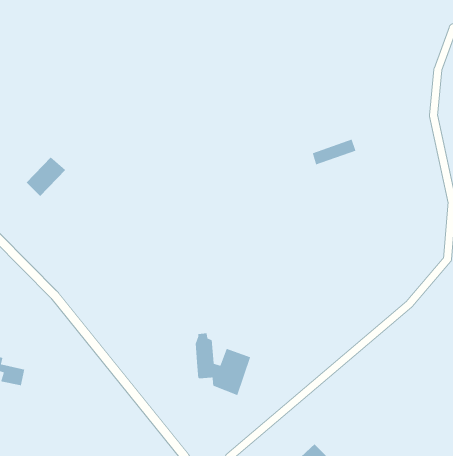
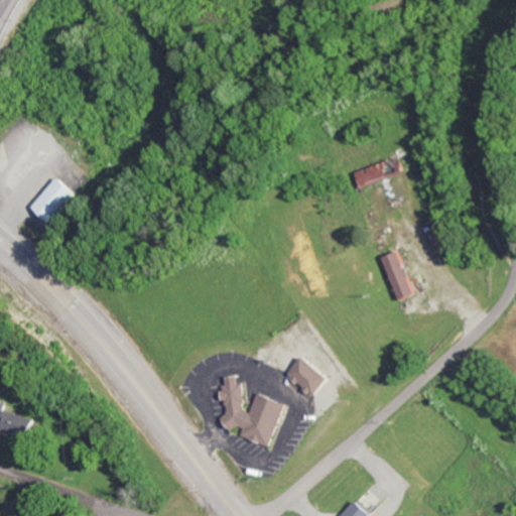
building: none -> [380,252,411,300]
building: none -> [287,357,329,397]

